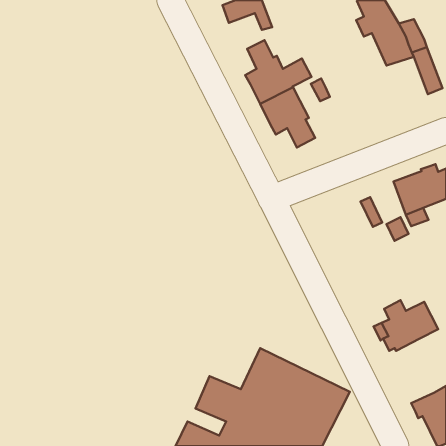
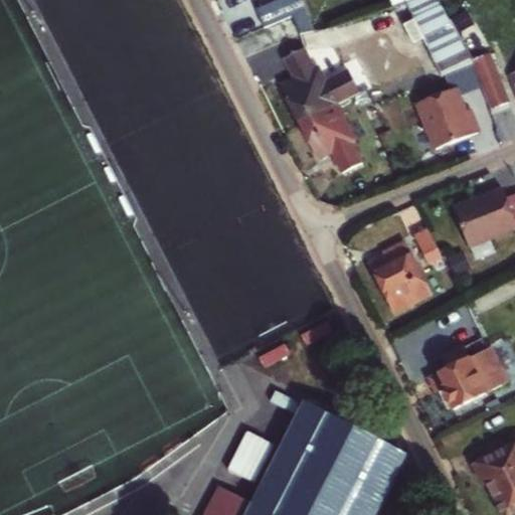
building: none -> [418,89,478,150]
building: none -> [372,238,430,308]

